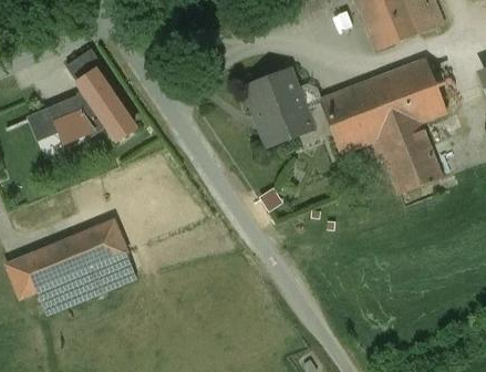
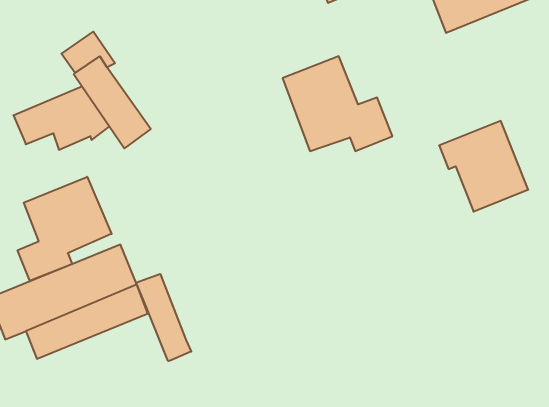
building: [320,59,446,153] -> none
building: none -> [18,177,112,281]
building: none -> [136,274,191,361]

